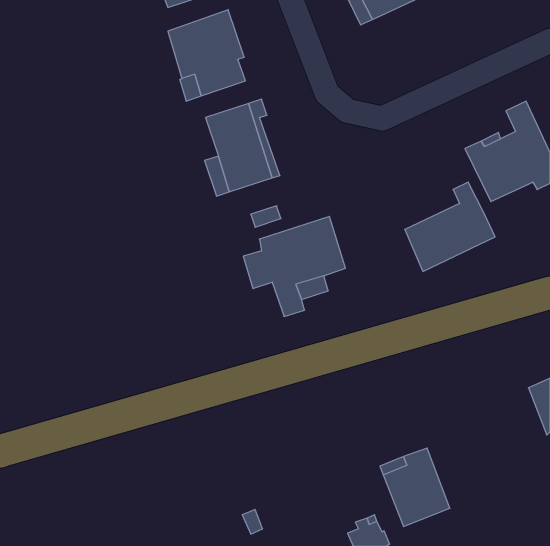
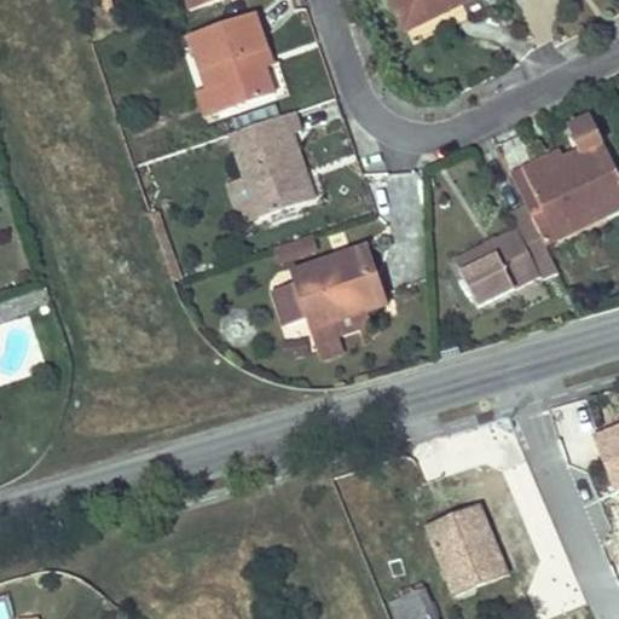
building: none -> [510,167,603,241]

